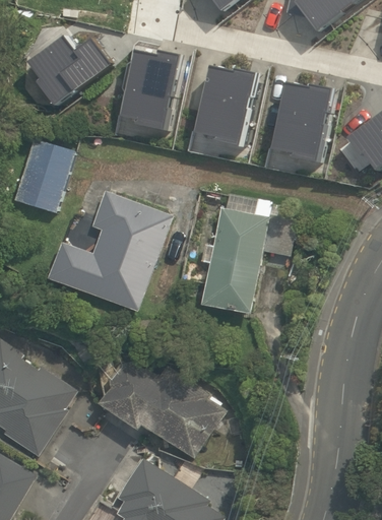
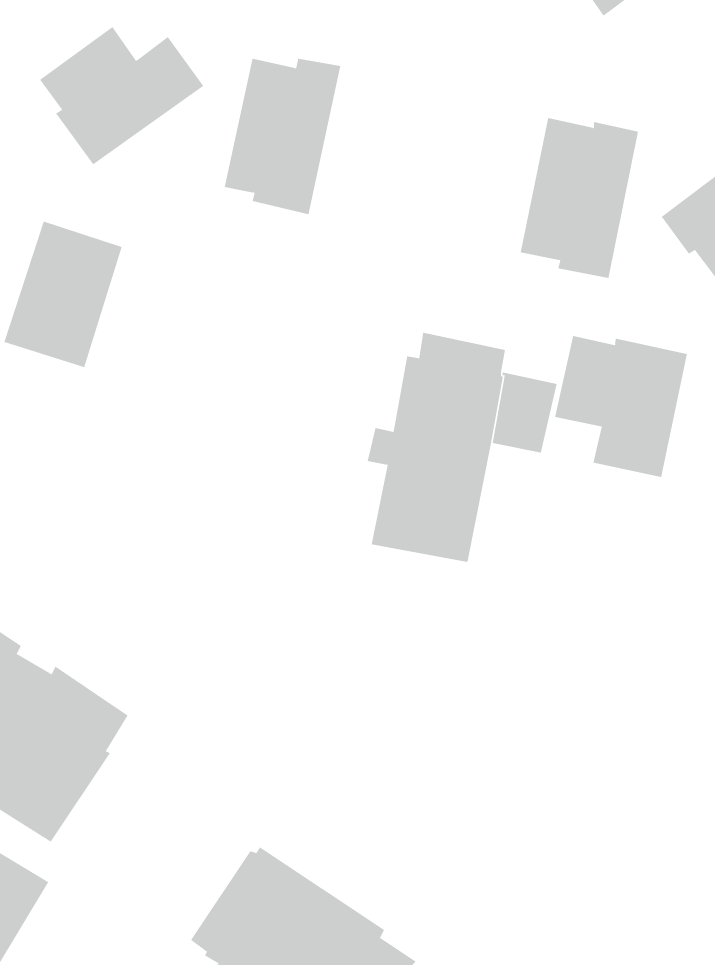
building: [199,70,259,150] -> none
building: [46,190,171,311] -> none
building: none -> [555,335,688,478]
building: [97,360,224,458] -> none

